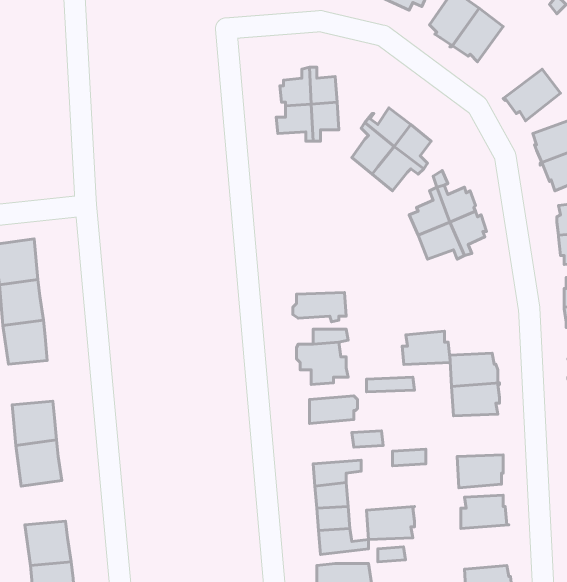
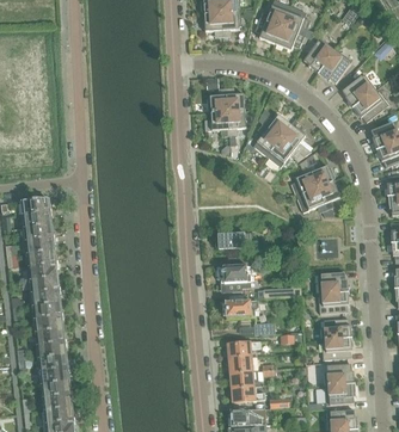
building: none -> [342,73,376,107]
building: [402,331,450,364] -> [320,317,351,339]
building: none -> [31,277,60,306]
building: none -> [39,354,68,383]
building: [367,506,415,540] -> [324,383,355,405]

